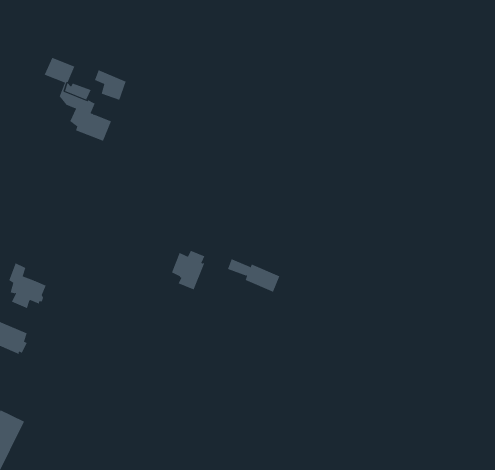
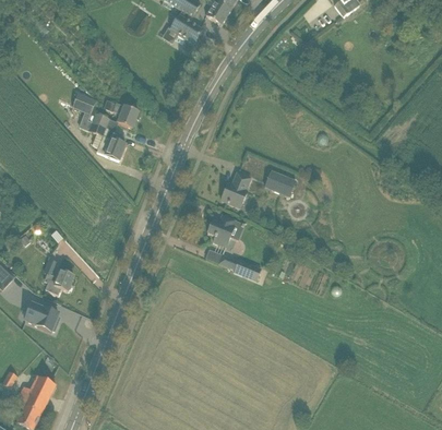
building: none -> [264,168,295,193]
building: none -> [219,170,249,205]
building: [171,249,205,290] -> [206,212,234,244]

